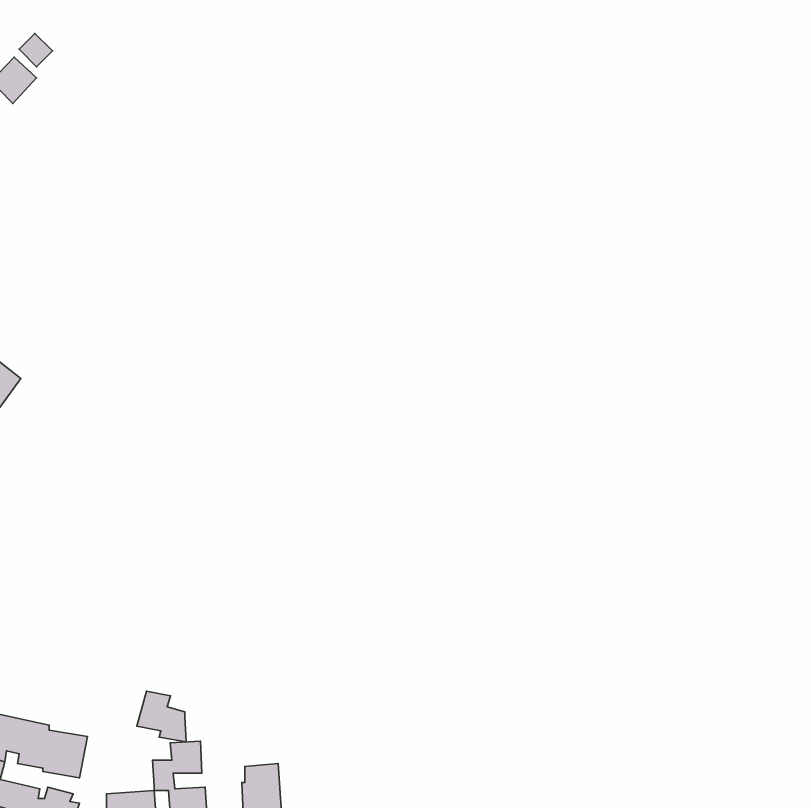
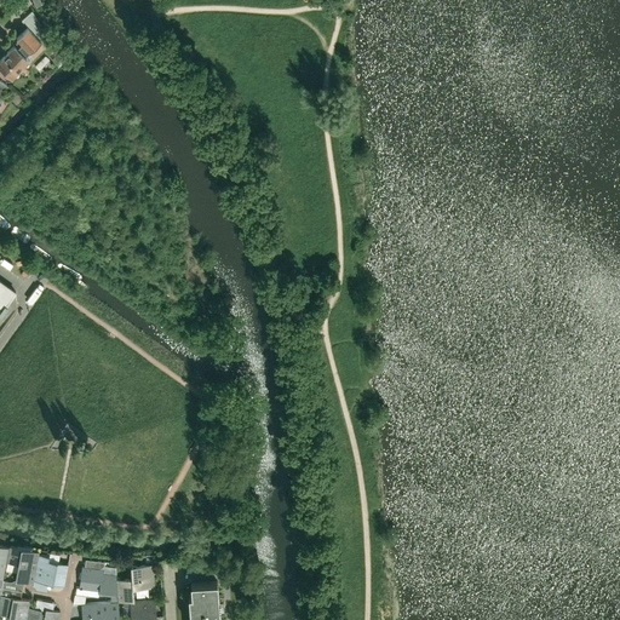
building: [137,691,186,742] -> [80,563,117,602]

